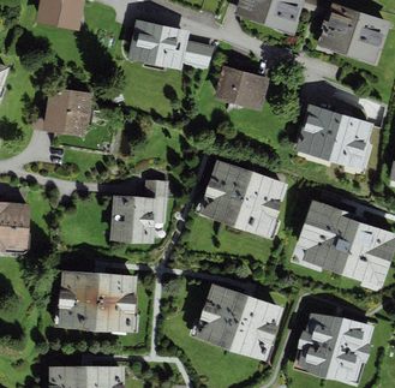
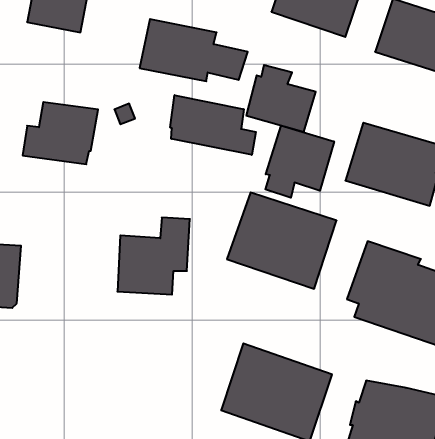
building: none -> [170,95,256,155]
building: none -> [265,126,334,198]
building: [56,270,137,332] -> none

